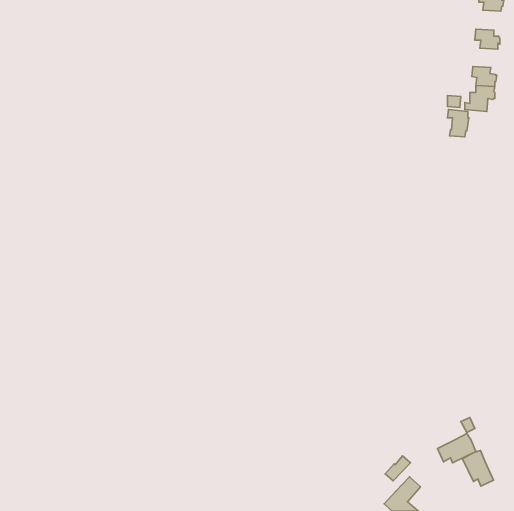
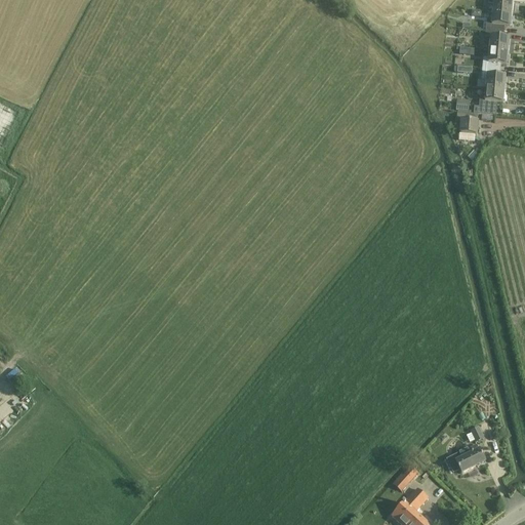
building: none -> [485,10,512,31]
building: none -> [482,49,509,69]
building: [463,451,493,486] -> none

